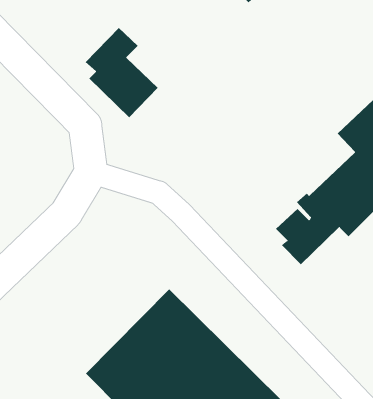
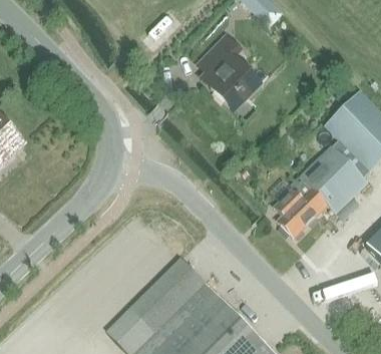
building: [85,27,158,118] -> [196,34,259,112]

